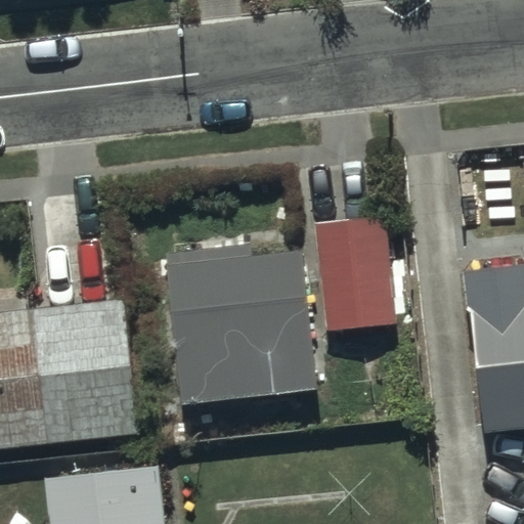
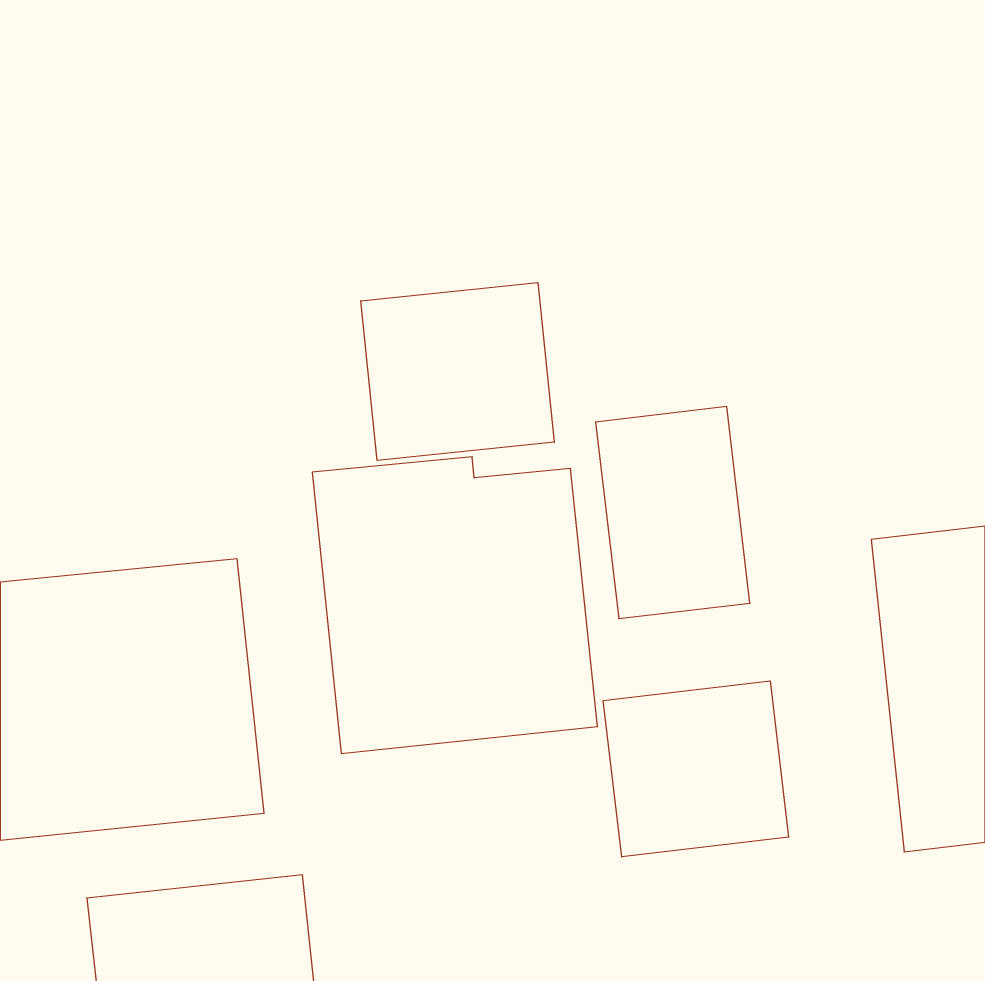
building: none -> [361,283,554,460]
building: none -> [603,681,789,857]

